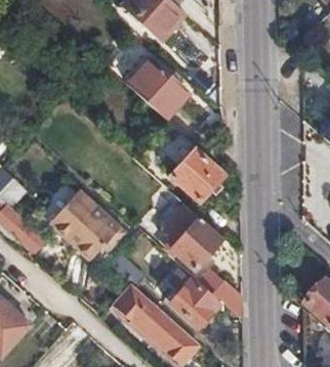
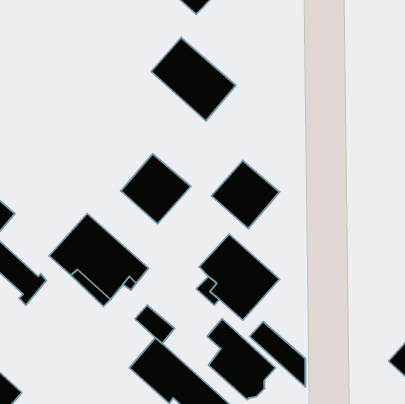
building: none -> [121,154,191,224]

